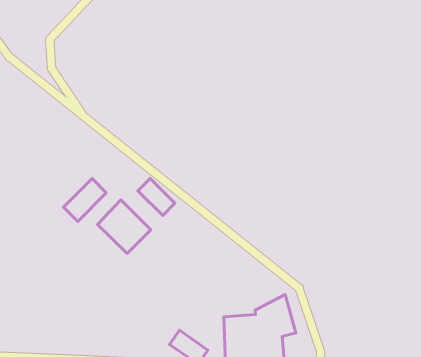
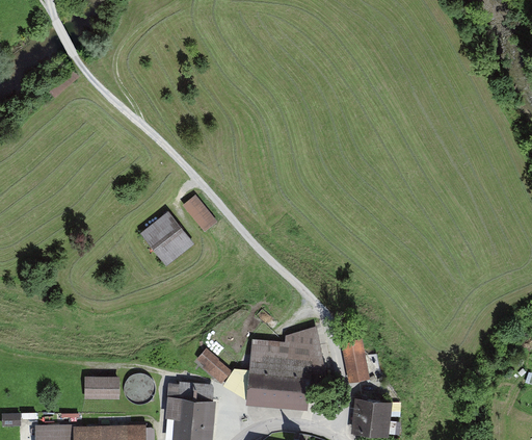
building: [64,179,106,221] -> none
building: none -> [342,339,370,384]

